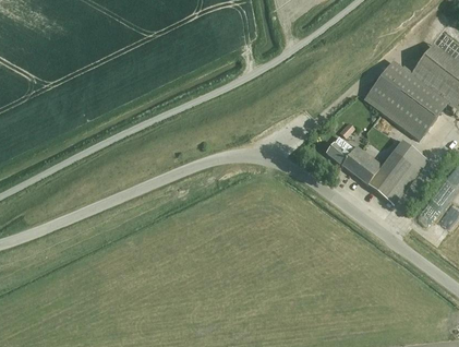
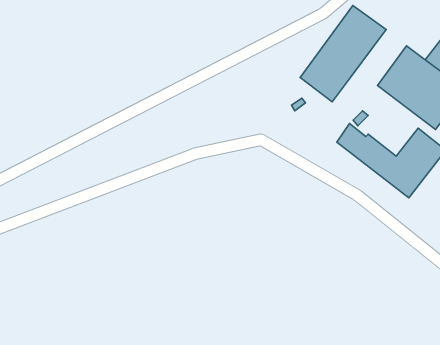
building: none -> [300,6,386,102]

